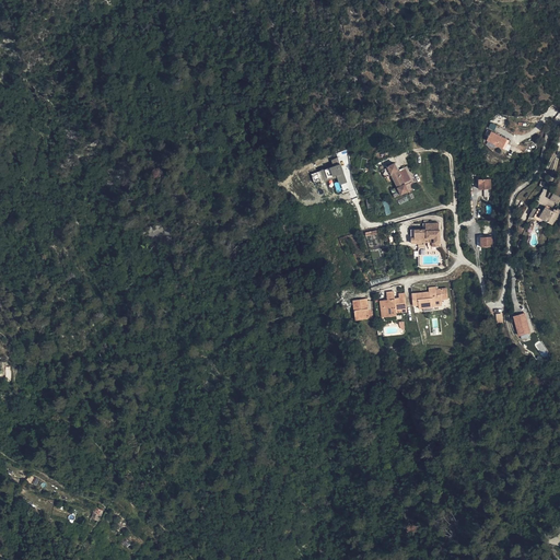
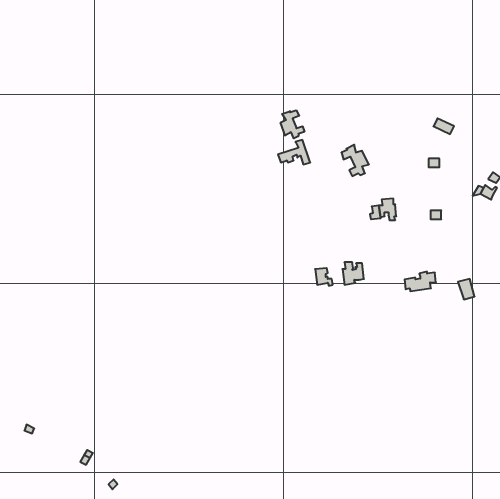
building: none -> [281,110,304,138]
building: [412,285,447,307] -> [405,272,436,291]

